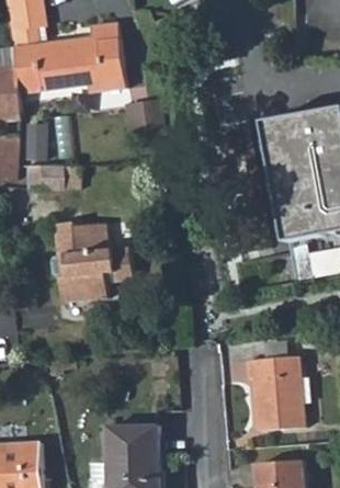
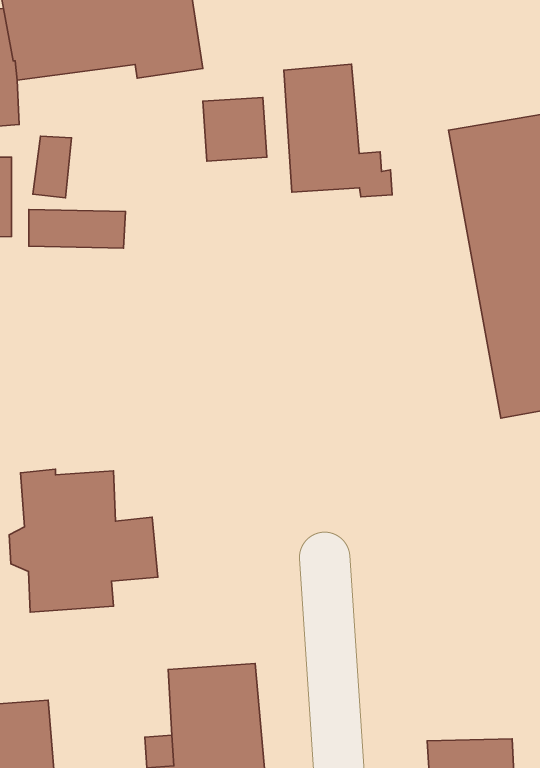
building: none -> [284,64,392,197]
building: [48,219,133,300] -> [9,469,158,612]
building: [246,358,304,431] -> none

